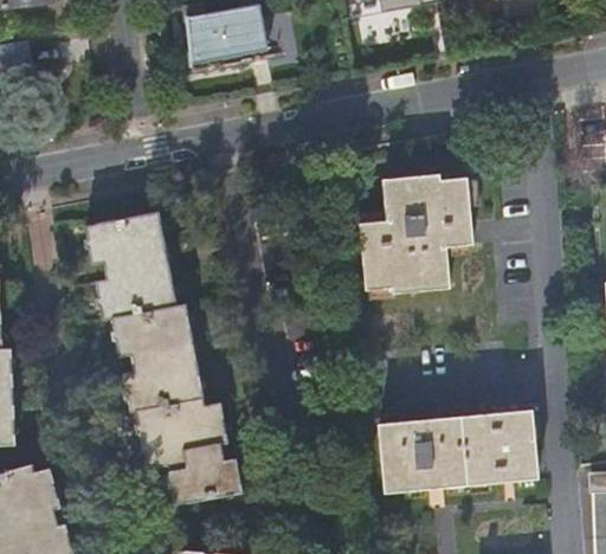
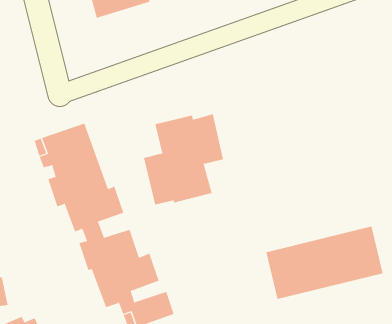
building: [360,175,470,292] -> [143,114,224,205]

